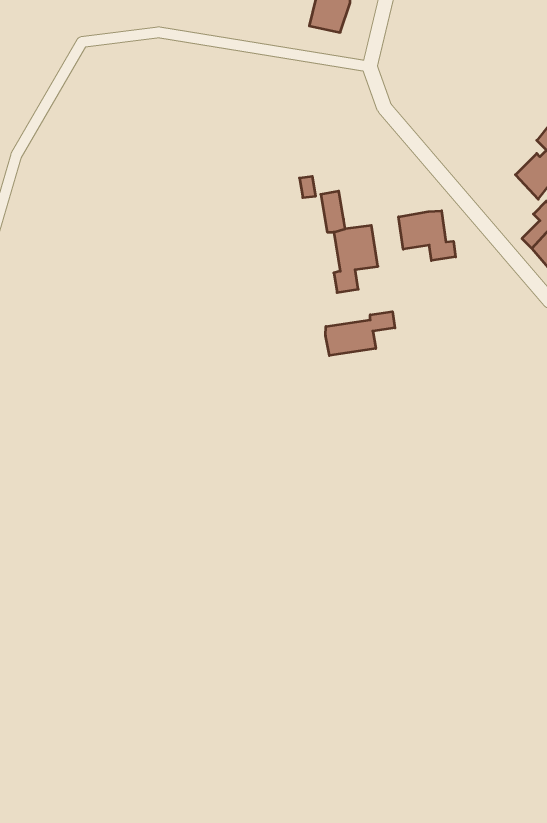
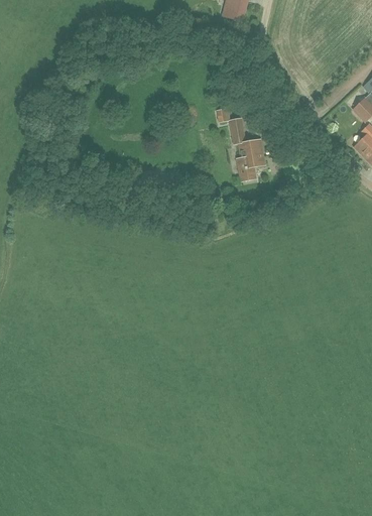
building: [399,211,456,261] -> none
building: [326,312,395,356] -> none

